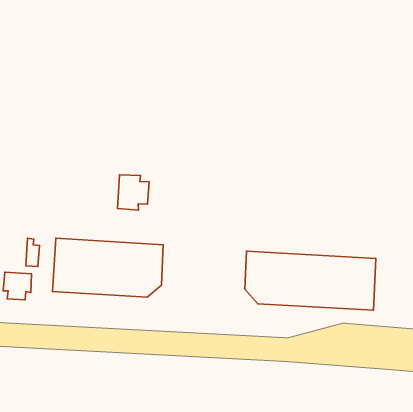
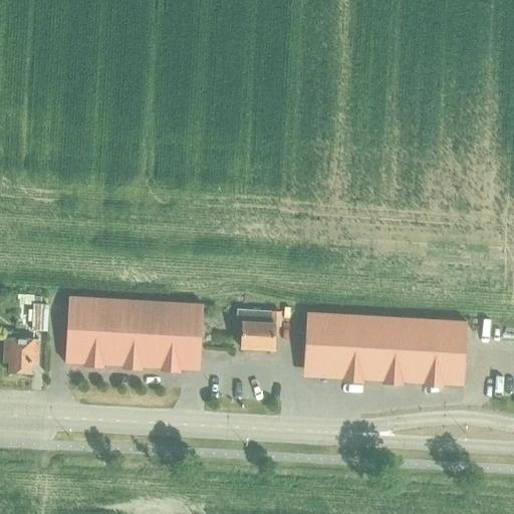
building: [117,175,149,210] -> none
building: none -> [236,309,280,350]

